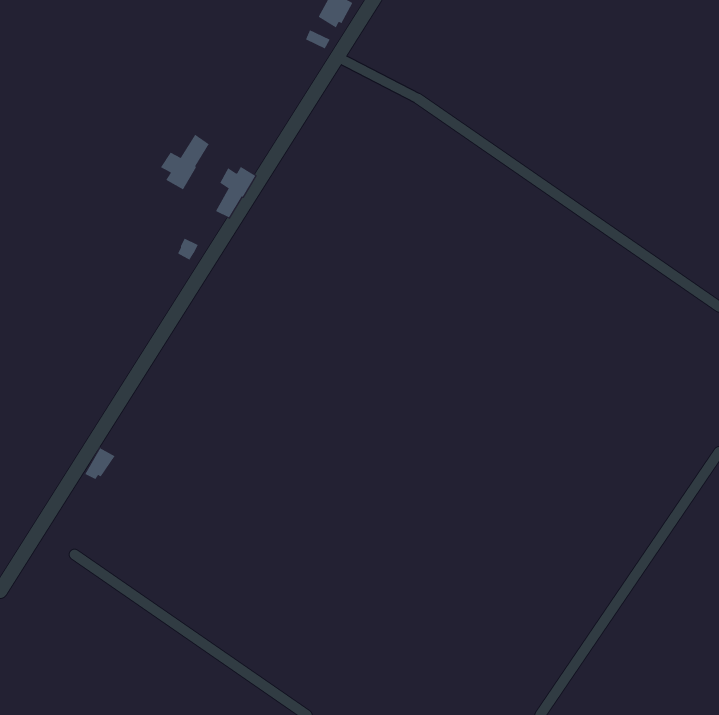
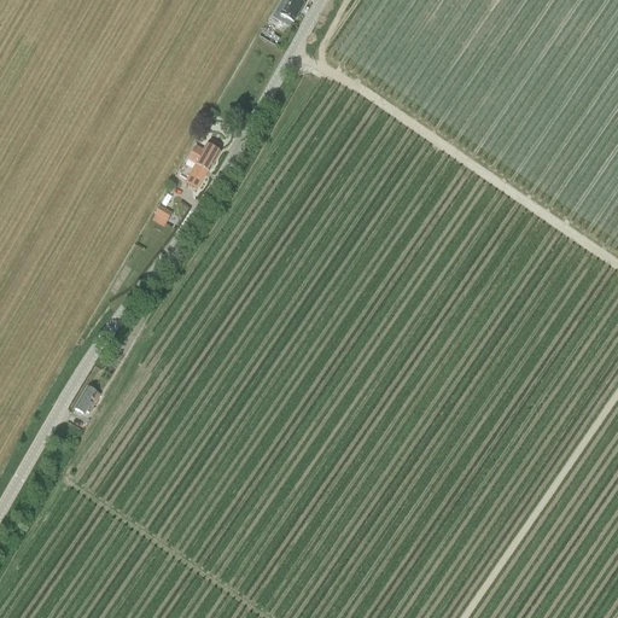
building: [160,134,209,190] -> none

